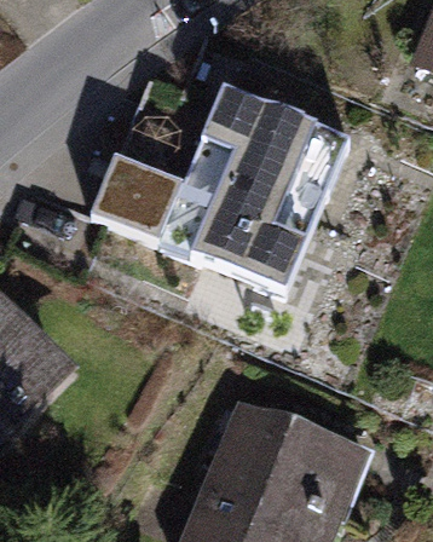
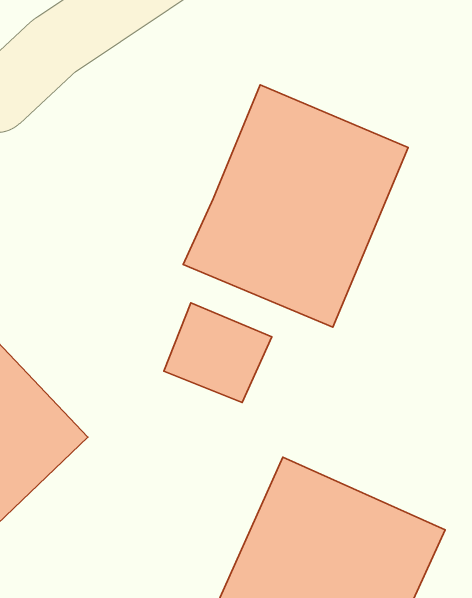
building: [90,149,181,233] -> [164,303,272,403]

